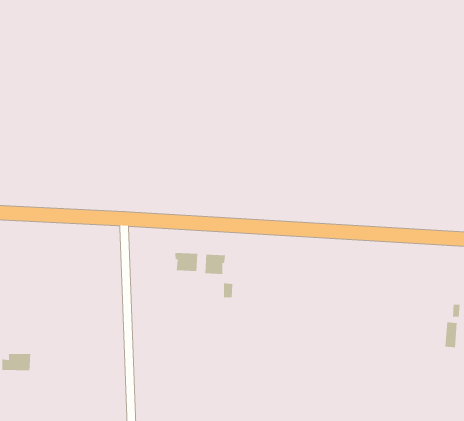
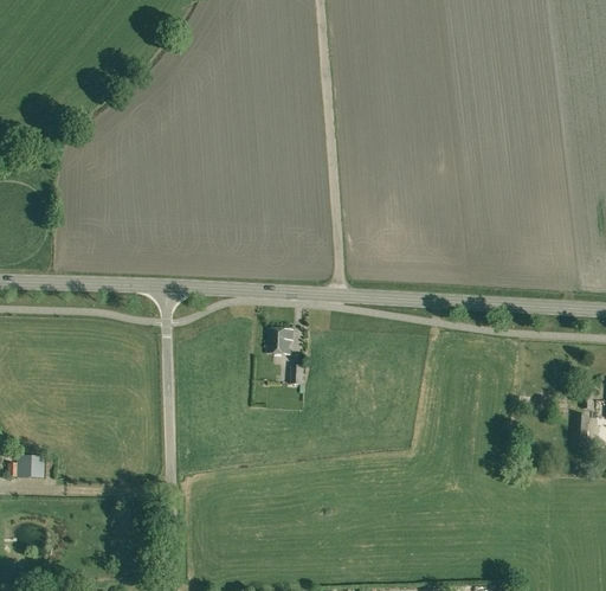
building: [175,252,198,272] -> none

